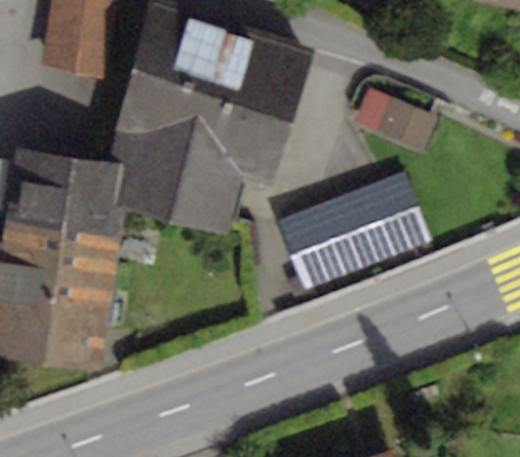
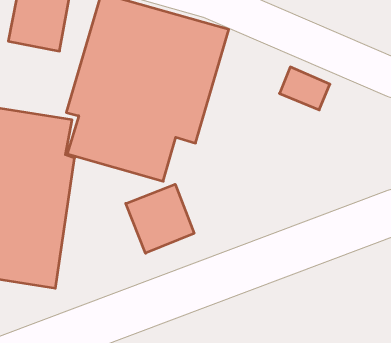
building: [273,170,429,289] -> none
building: none -> [126,184,194,253]

